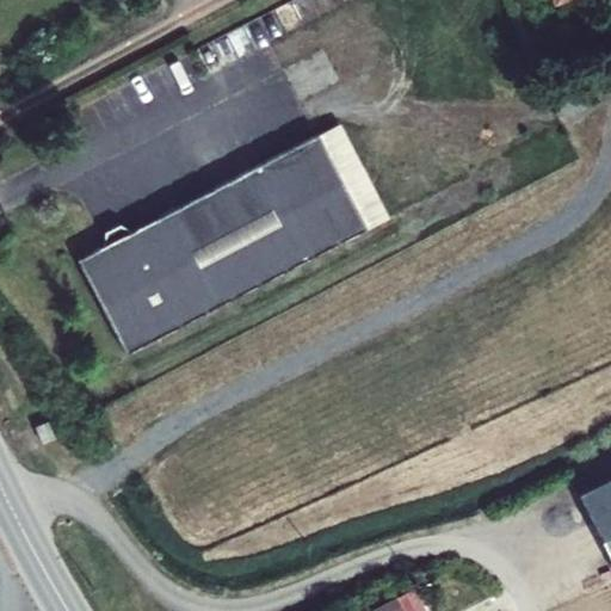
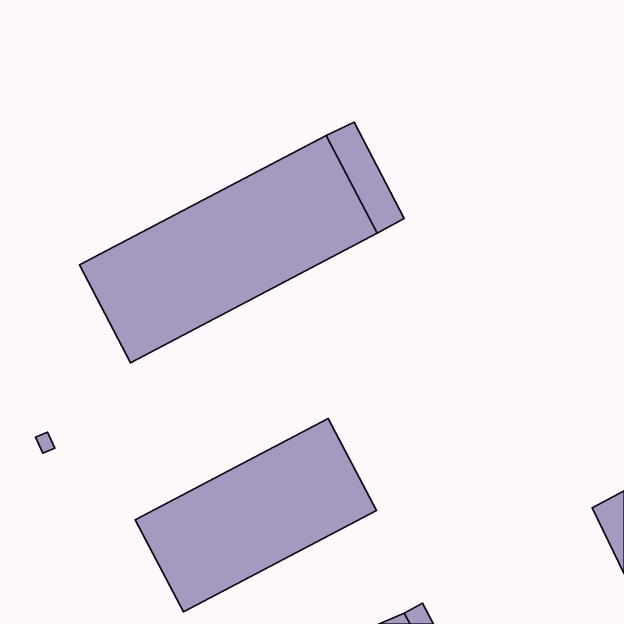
building: none -> [135,419,376,612]

